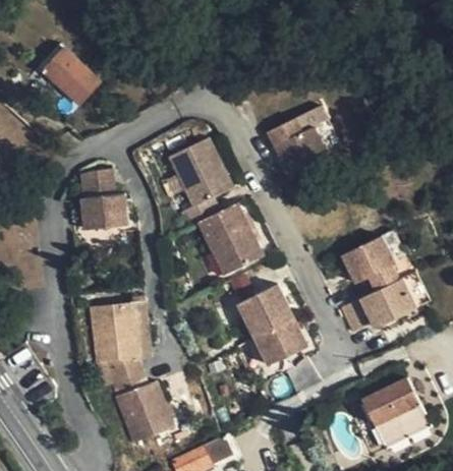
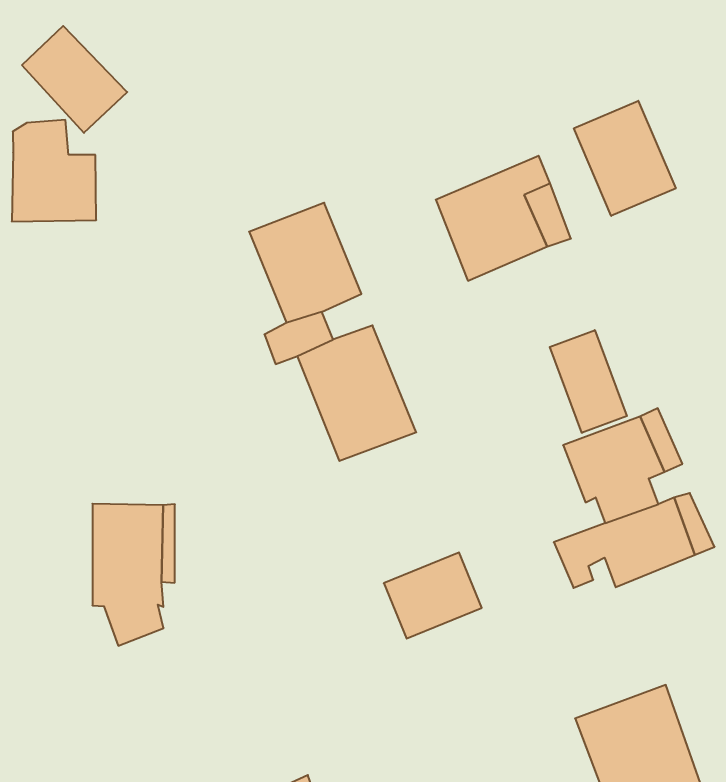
building: none -> [574,101,676,216]
building: [82,178,130,234] -> [12,120,96,221]
building: none -> [550,330,627,433]
building: [236,267,291,335] -> none
building: [113,367,176,445] -> none

